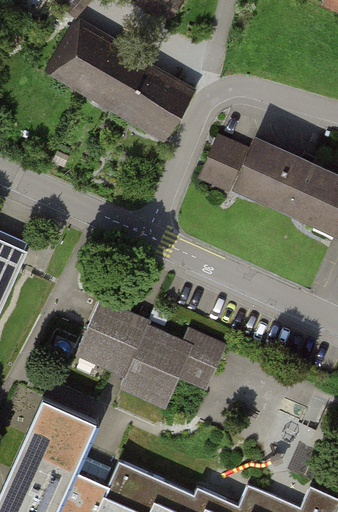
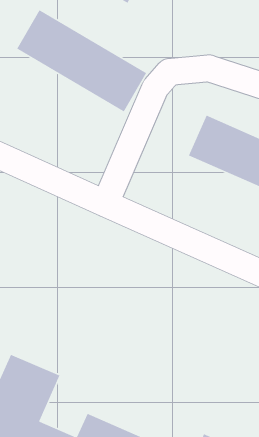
building: [204,139,244,177] -> none
building: [76,304,225,408] -> none

